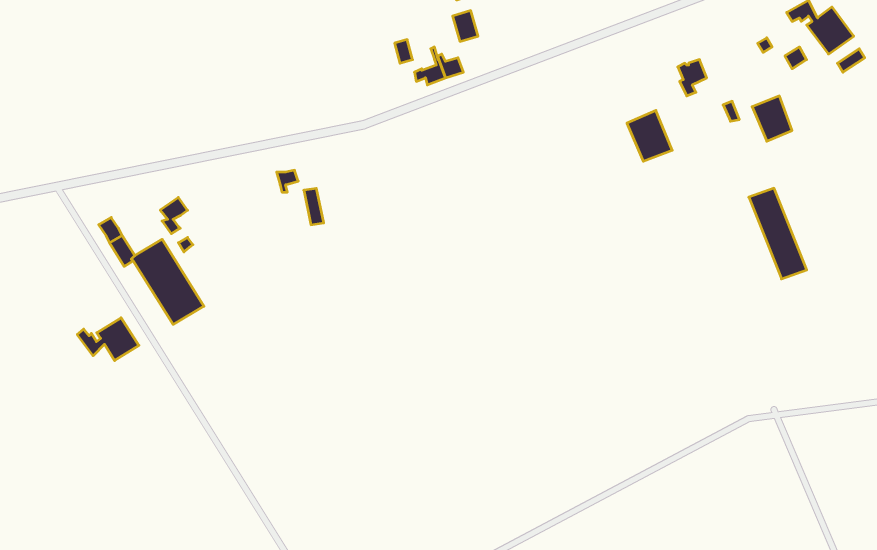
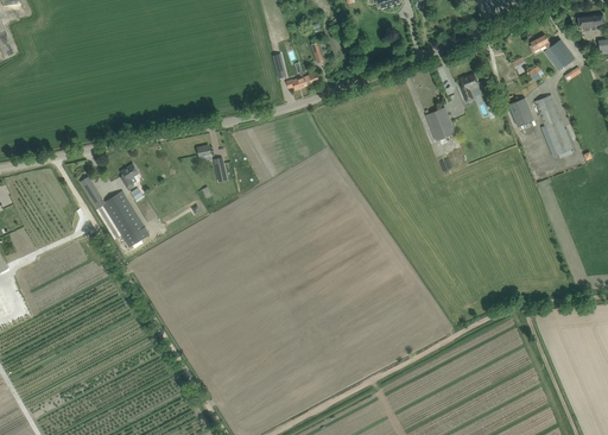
building: [749,188,807,279] -> [534,95,572,155]
building: [77,318,139,361] -> none

